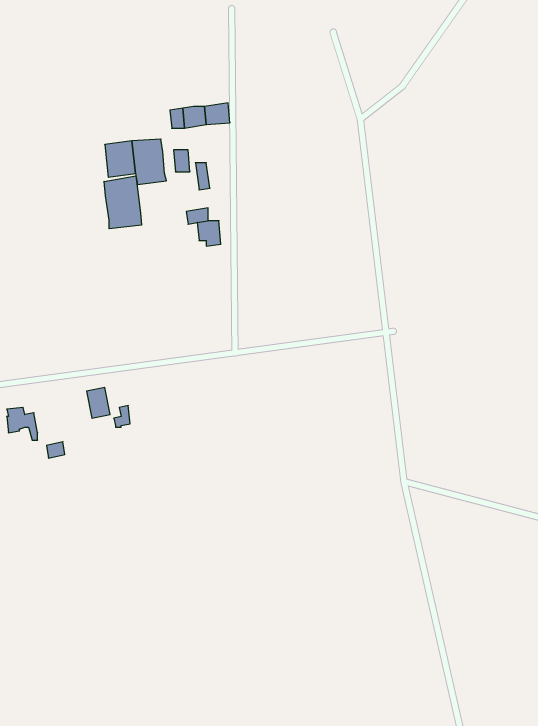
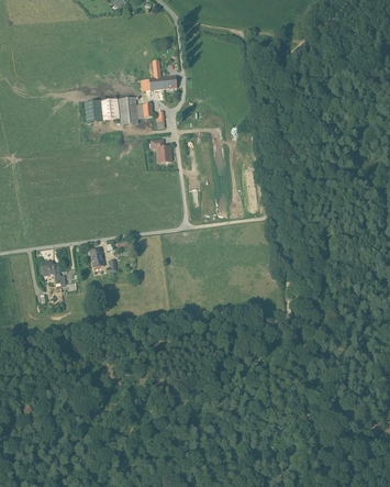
building: [104,176,141,229] -> none

